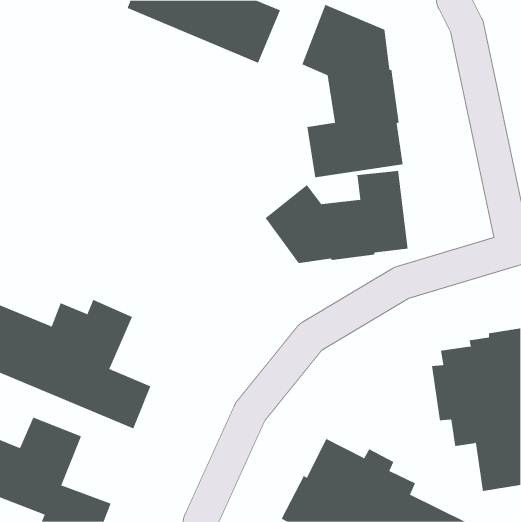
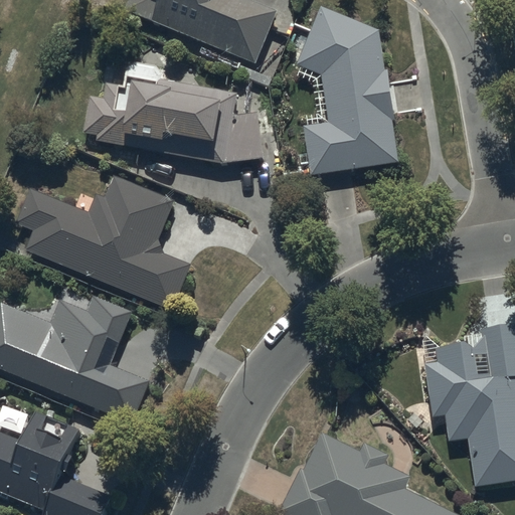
building: none -> [82,76,263,165]
building: [265,170,408,264] -> none
building: none -> [14,174,191,311]

